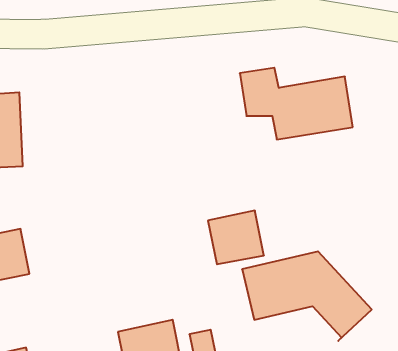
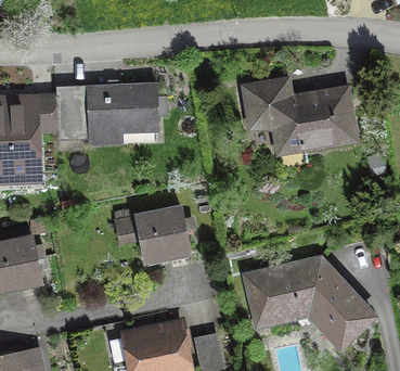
building: none -> [87,86,156,145]
building: none -> [33,97,77,131]
building: [208,211,264,264] -> [134,209,189,261]

